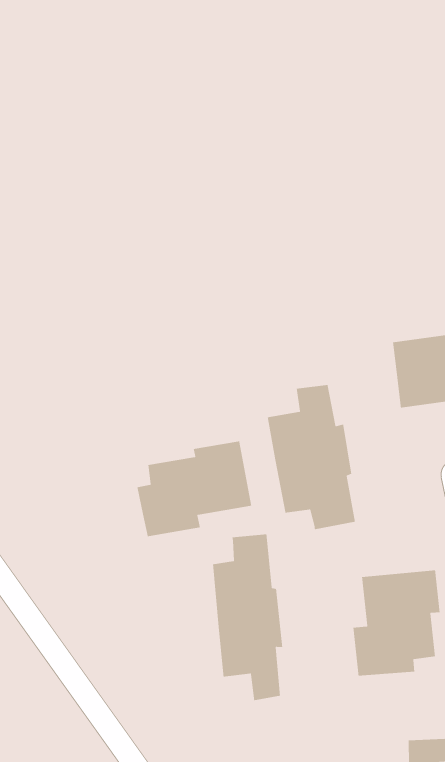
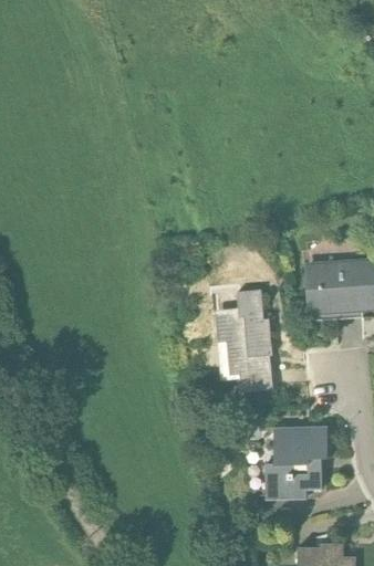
building: [137,440,252,537] -> none
building: [212,534,283,701] -> none

